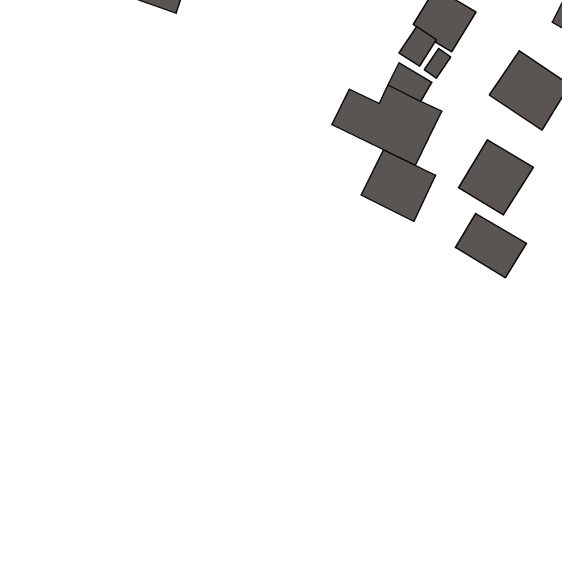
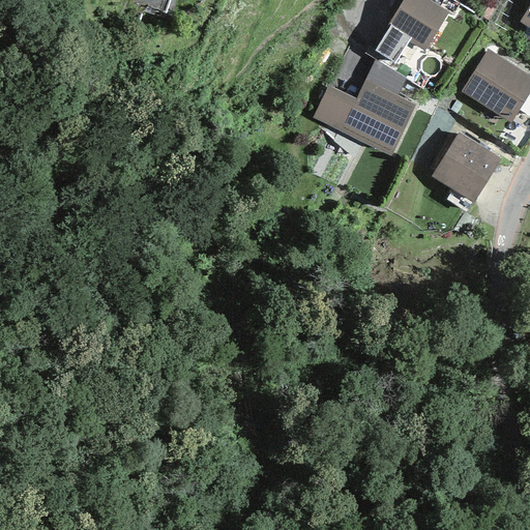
building: [361,150,436,221] -> none
building: [455,213,526,278] -> none

